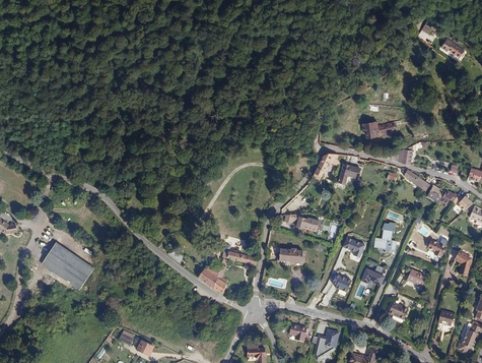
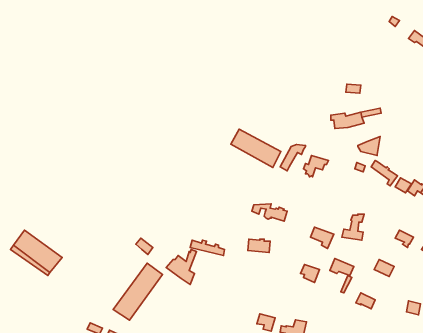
building: none -> [231,129,281,167]
building: none -> [113,263,163,320]

